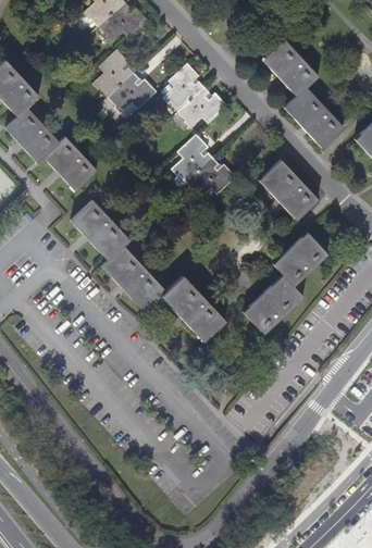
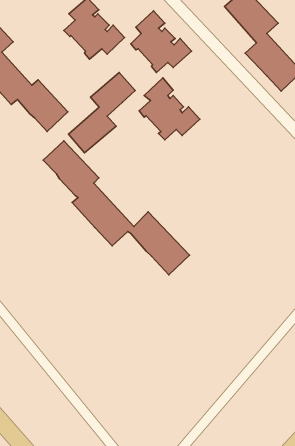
building: none -> [69,72,135,153]
building: [259,159,318,220] -> none
building: [243,232,327,334] -> none

